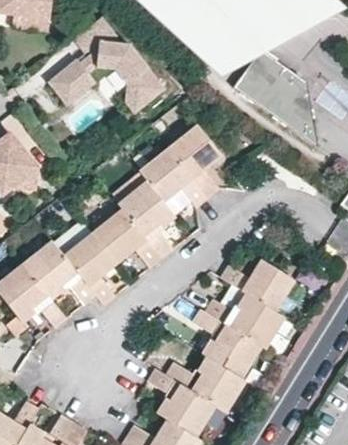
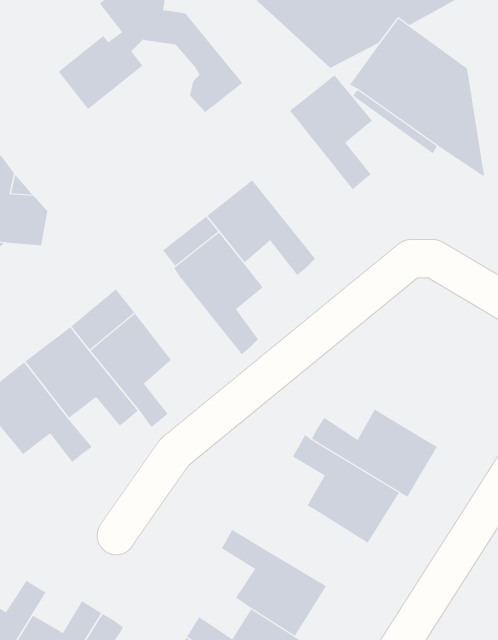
building: [168,125,221,198] -> [289,75,373,190]
building: [94,209,161,268] -> none
building: [220,259,294,311] -> none
building: [165,356,246,412] -> none

